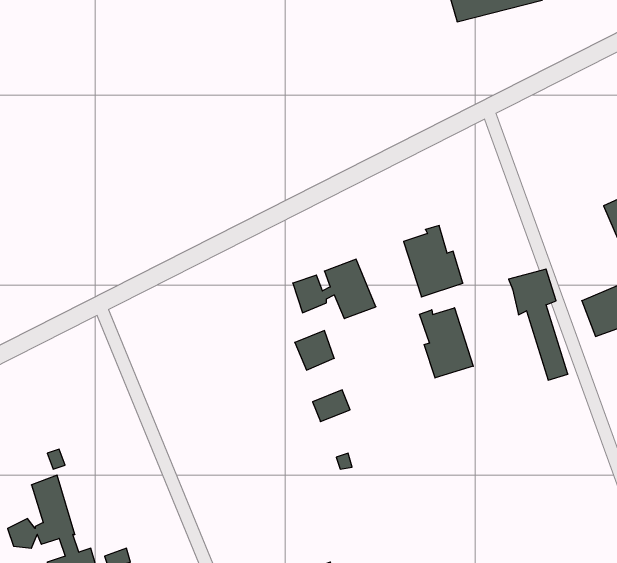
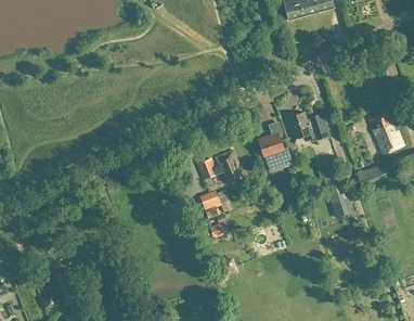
building: none -> [287,112,327,140]
building: [420,308,473,378] -> none

